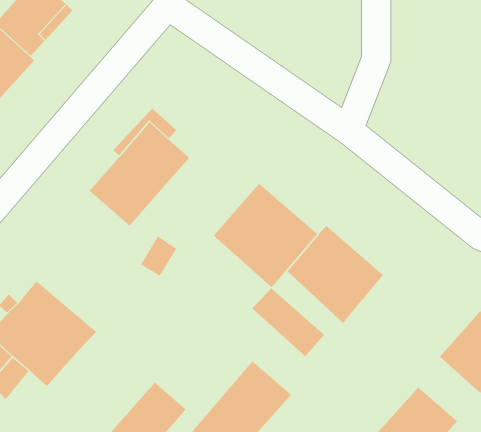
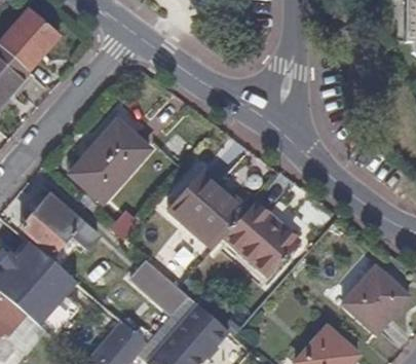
building: none -> [22,193,99,255]
building: [251,287,325,357] -> [130,260,188,315]

